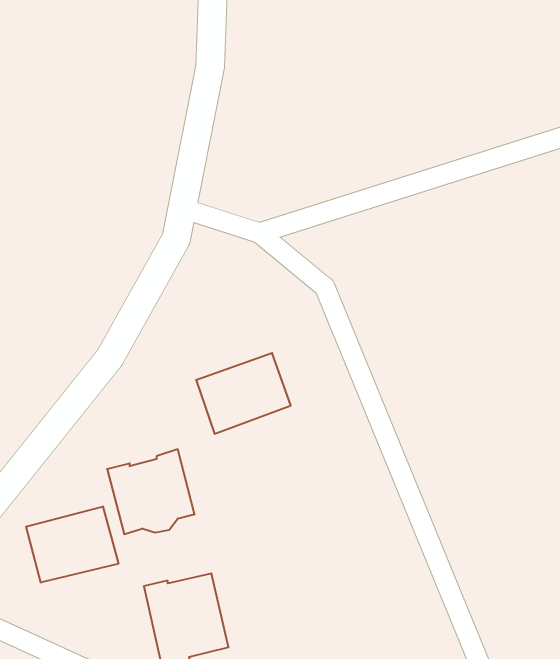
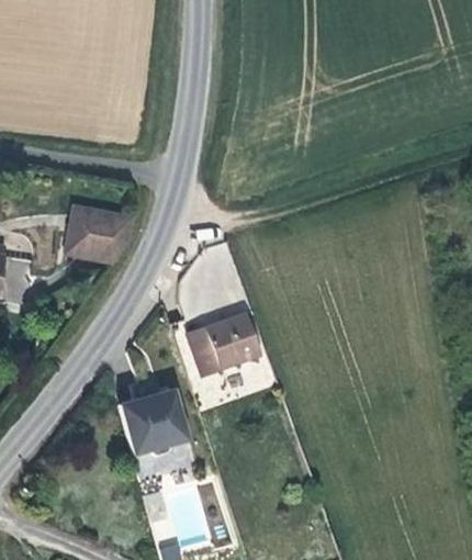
building: none -> [65,206,132,264]
building: [26,506,118,583] -> none

